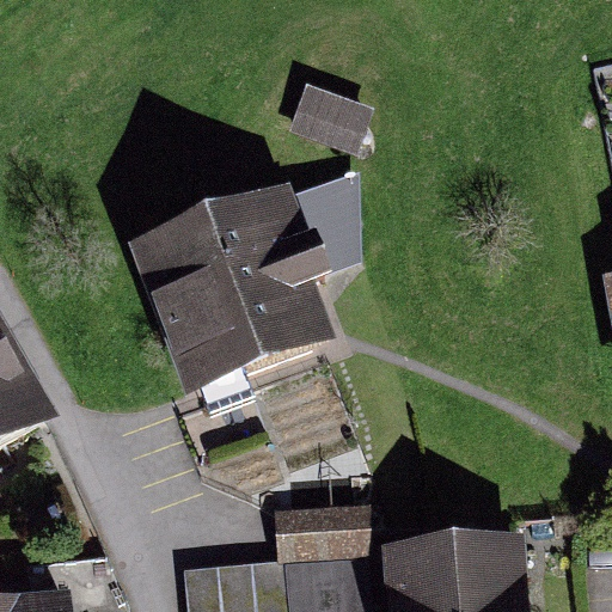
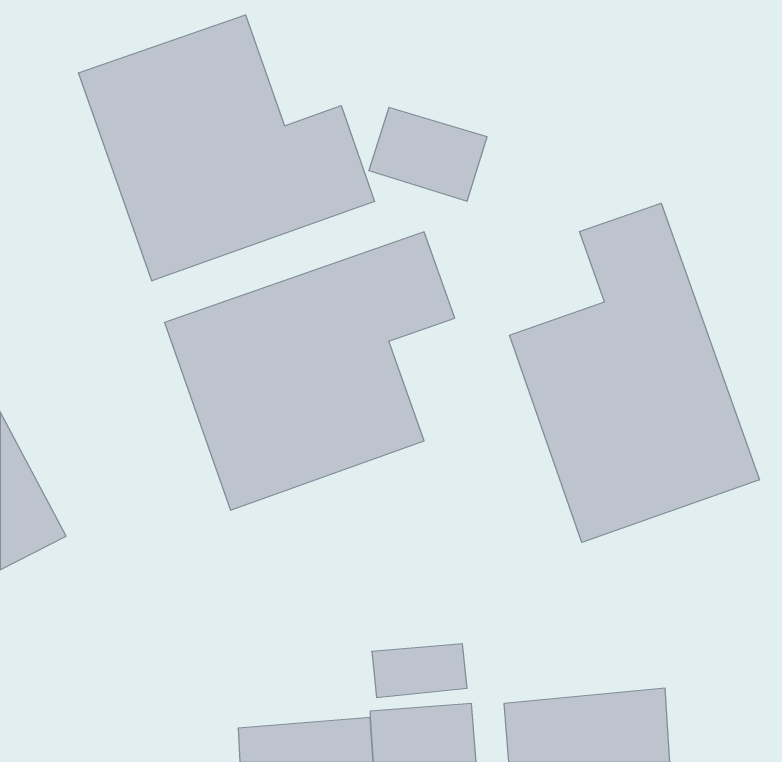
building: none -> [79,15,375,281]
building: none -> [510,203,760,542]

